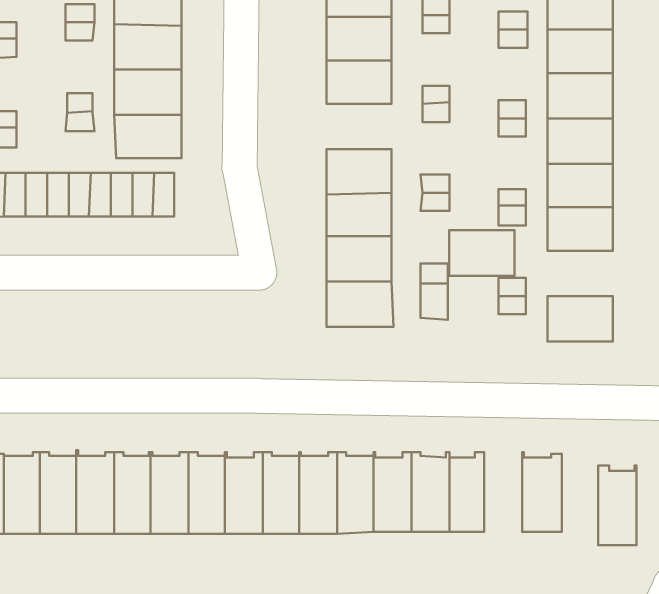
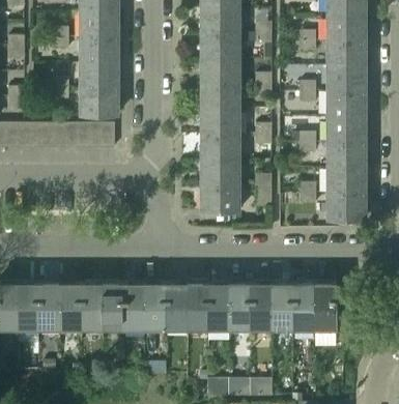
building: none -> [201,84,238,110]
building: [449,230,514,276] -> [327,168,365,194]
building: [598,466,636,545] -> [291,283,313,328]

